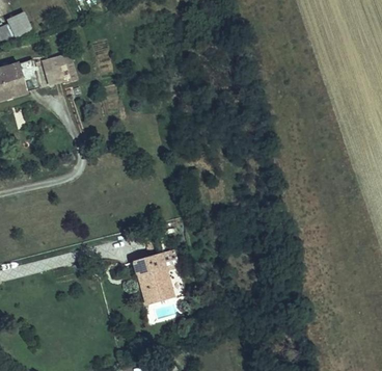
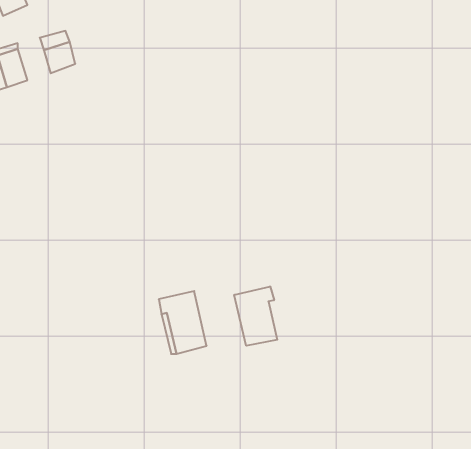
building: none -> [234,286,277,346]

